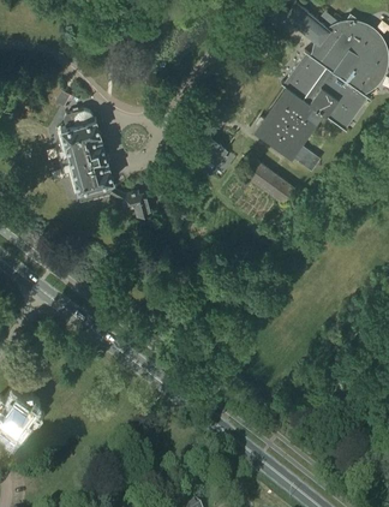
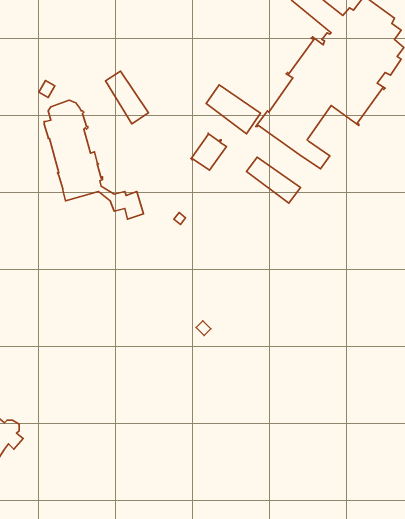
building: none -> [105,71,148,124]
building: none -> [206,85,261,134]

